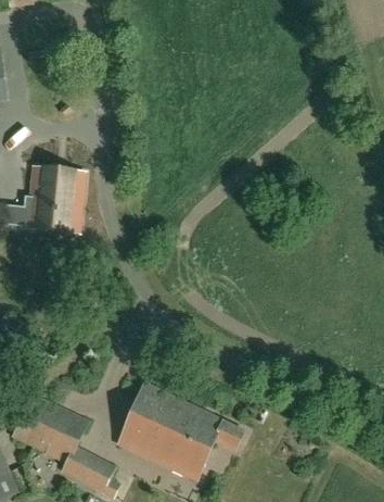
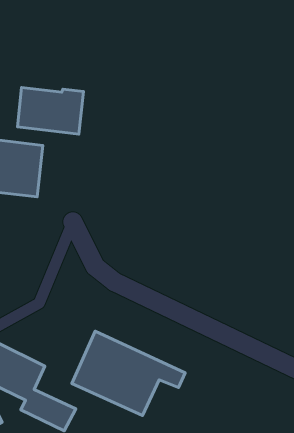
building: none -> [18,88,84,134]

